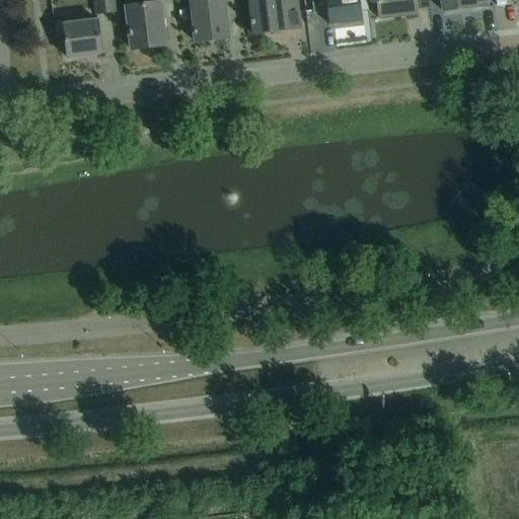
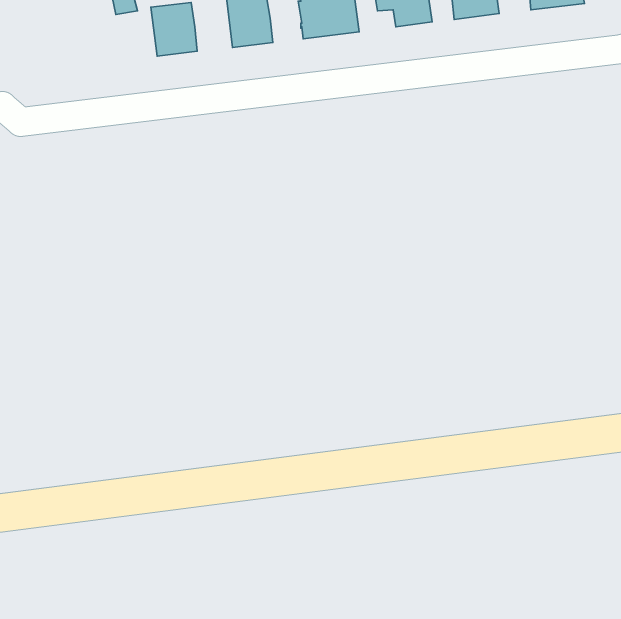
building: [64,17,102,55] -> none

